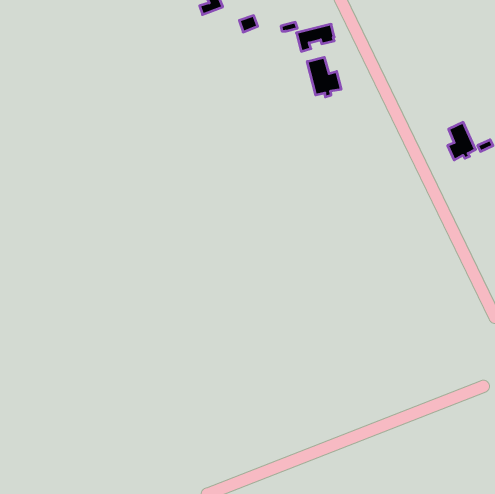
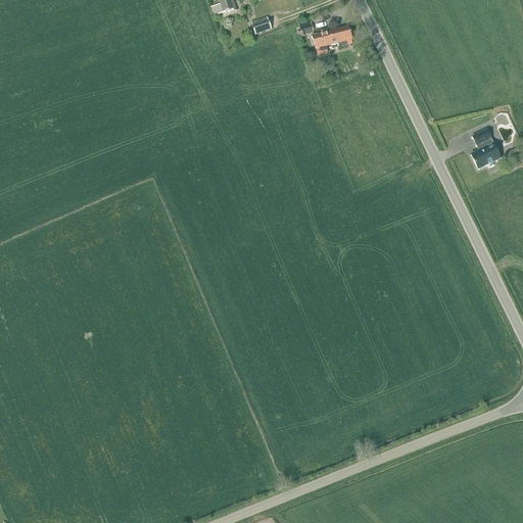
building: [307,57,341,97] -> none

